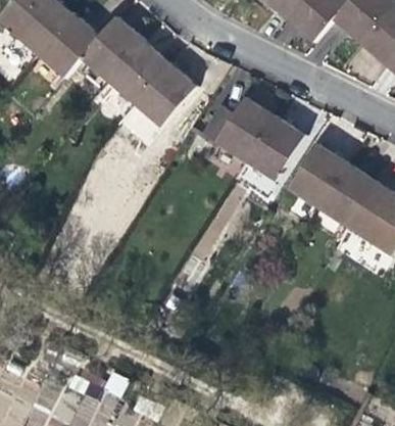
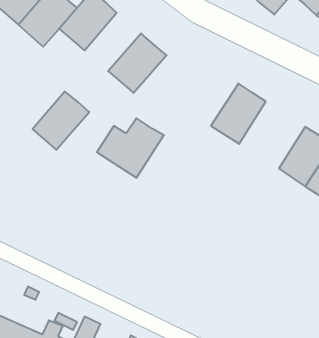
building: [107,39,168,102] -> [33,91,89,150]
building: [201,97,274,161] -> [97,118,164,178]
building: [288,143,346,207] -> none

